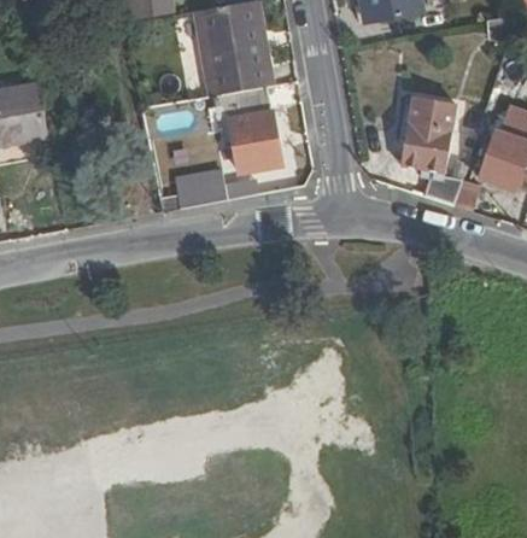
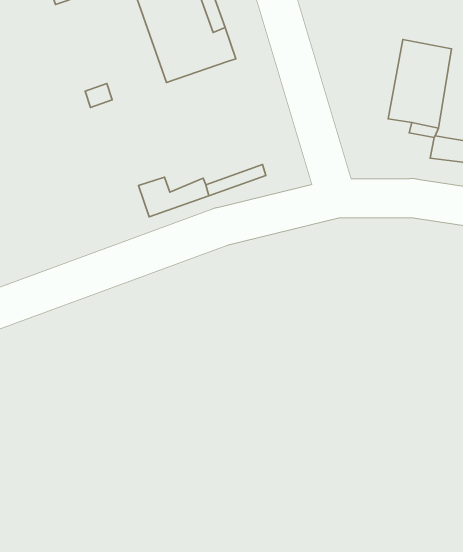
building: [211,87,279,171] -> none

